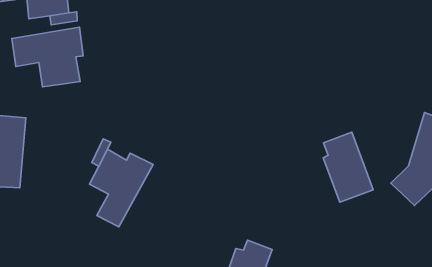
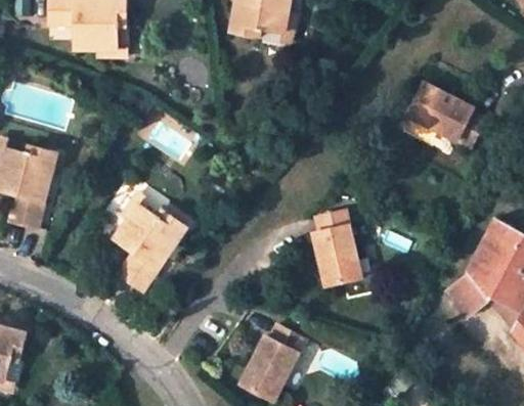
building: none -> [405,82,483,150]
building: [12,27,83,87] -> none
building: [323,132,373,202] -> [312,212,362,287]

